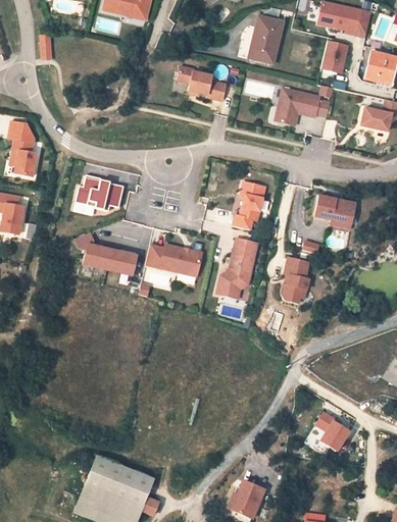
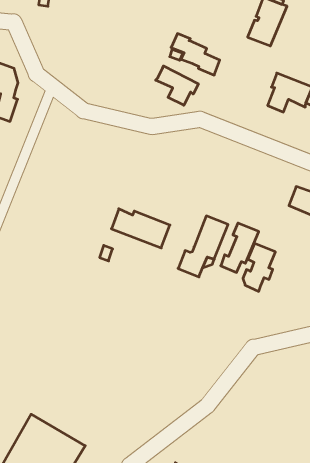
building: none -> [156,66,198,105]
building: [76,177,123,211] -> none
building: [234,181,265,229] -> [221,223,259,272]
building: [84,242,138,276] -> none
building: [315,412,351,452] -> none

